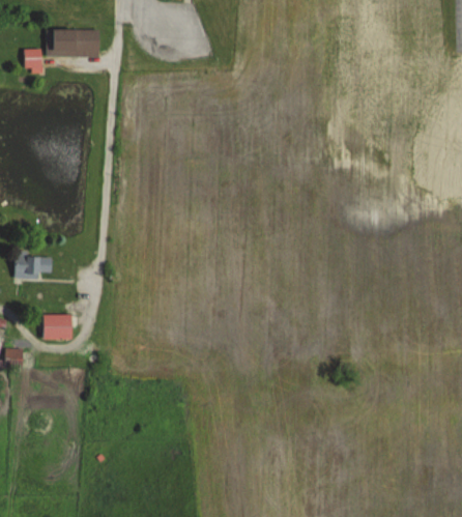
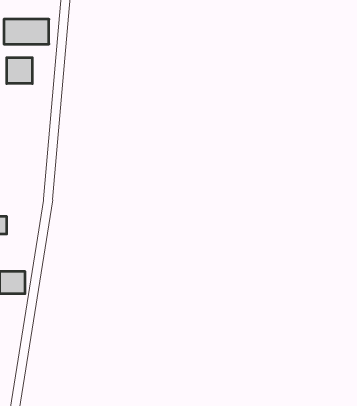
building: none -> [7,58,32,84]

